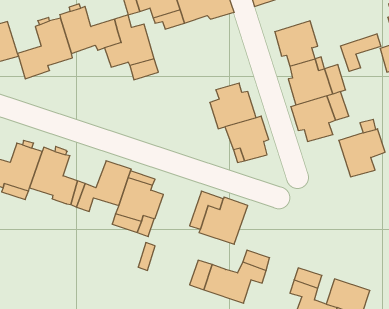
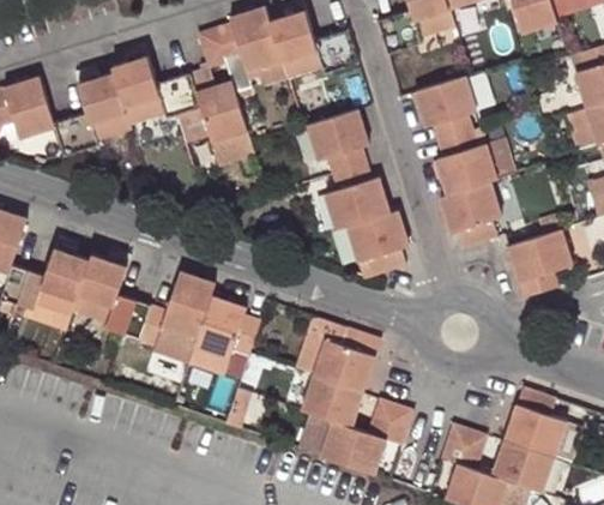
building: [340,34,381,71] -> none
building: none -> [307,108,369,173]
building: none -> [298,375,360,428]
building: none -> [502,386,564,458]

